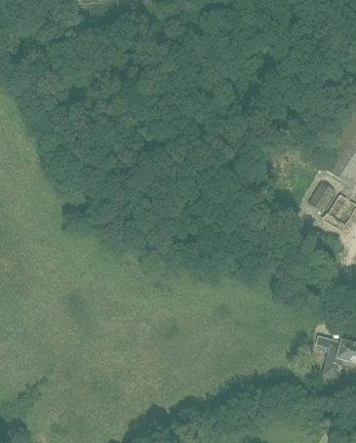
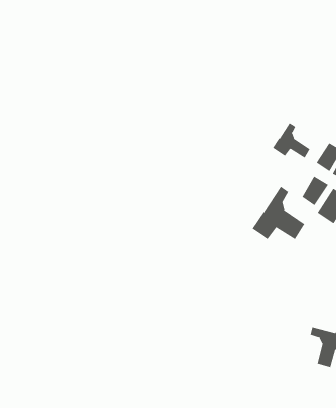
building: none -> [272,122,311,158]
building: none -> [252,186,305,240]

